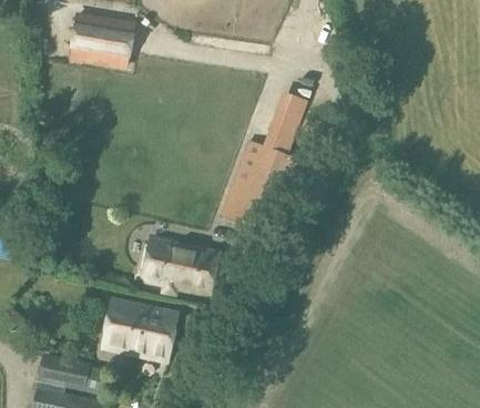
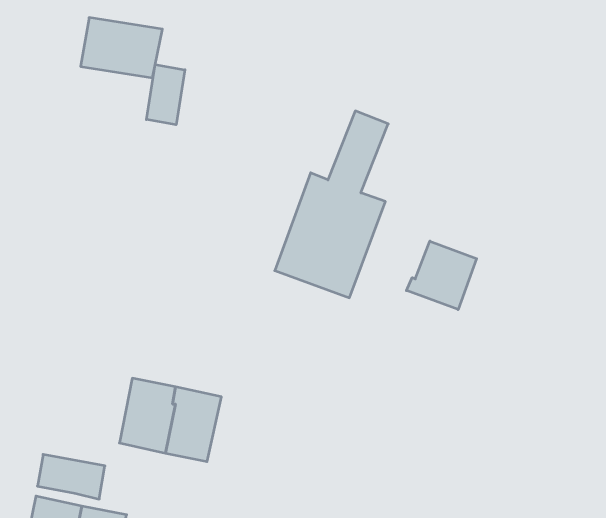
building: none -> [146,65,185,125]
building: none -> [406,241,477,310]
building: [143,241,215,296] -> none

